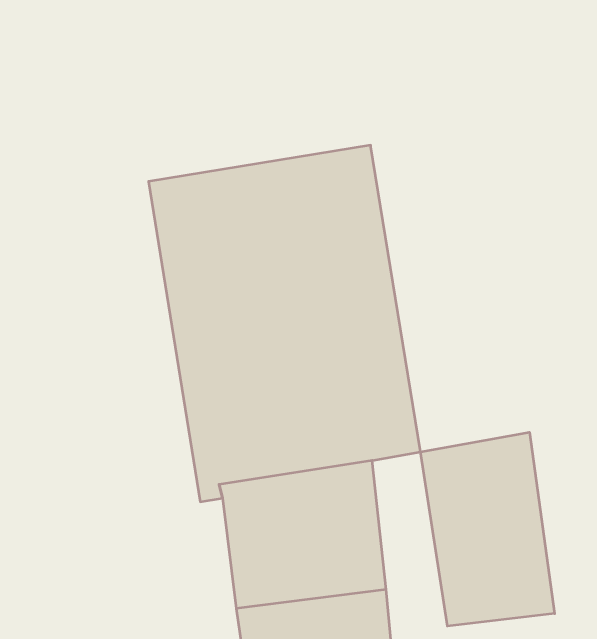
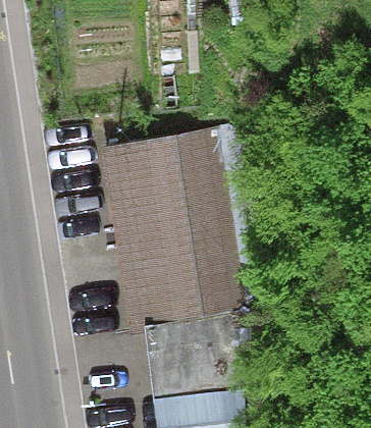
building: [420,432,555,626] -> none

